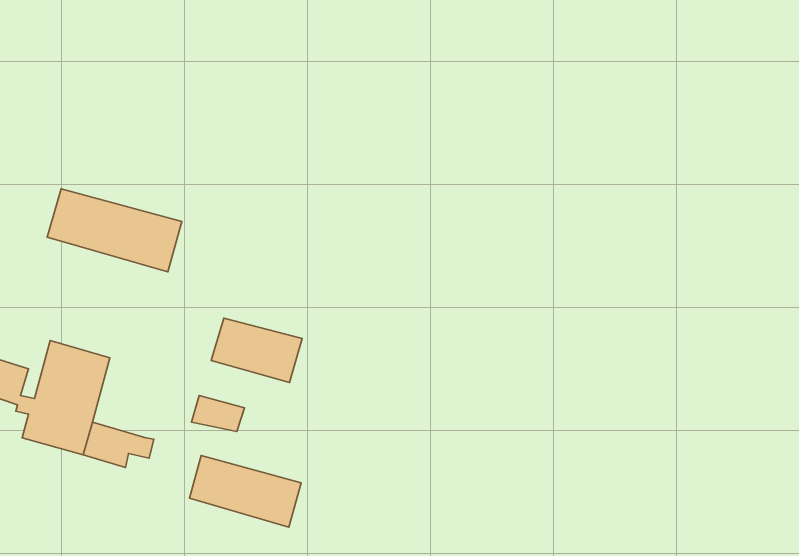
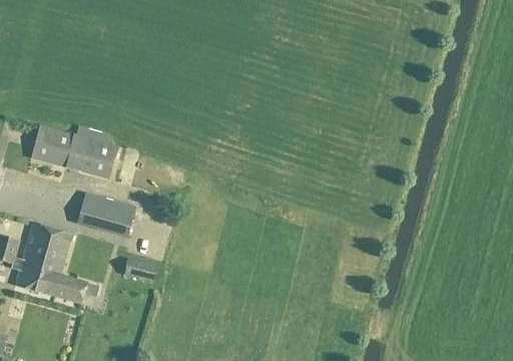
building: [211,318,302,382] -> [77,193,135,234]
building: [189,455,301,527] -> none

